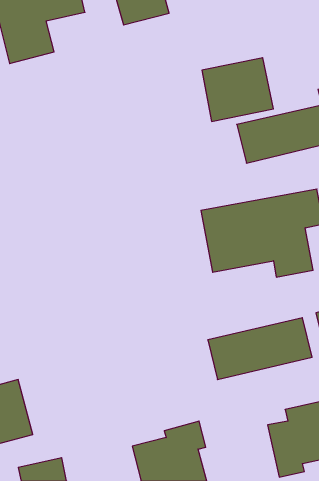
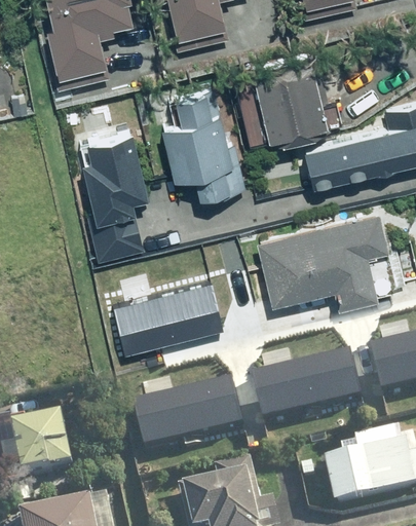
building: none -> [165,95,256,206]
building: none -> [83,129,145,253]
building: none -> [122,280,233,346]
building: none -> [145,379,256,445]

